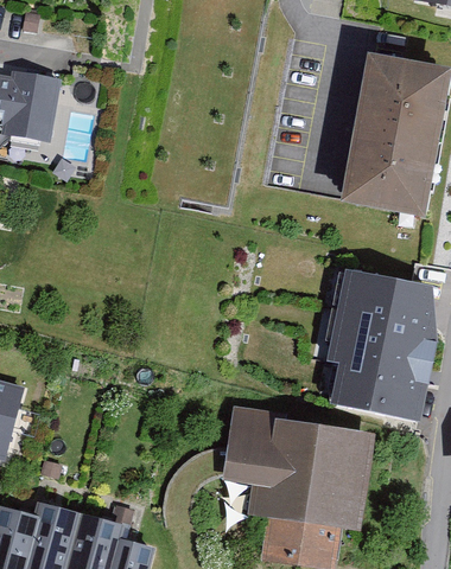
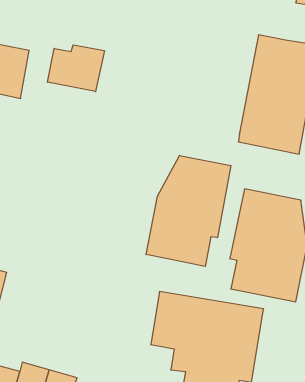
building: none -> [48,45,104,92]
building: none -> [146,155,231,266]

